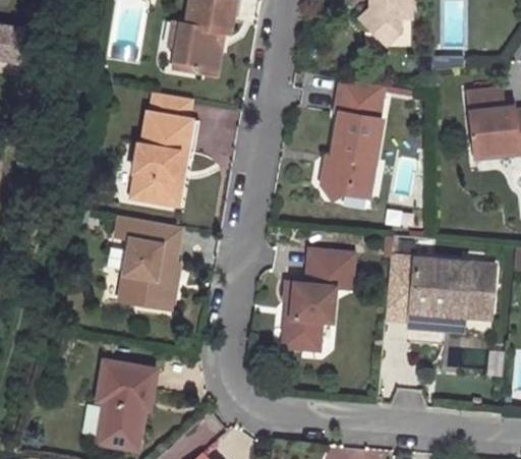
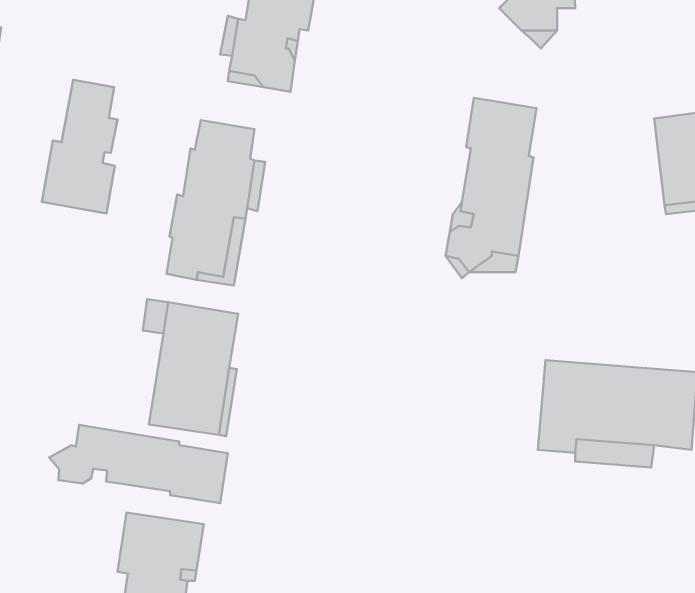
building: none -> [42,80,117,213]
building: [285,251,355,350] -> none
building: none -> [49,425,228,503]

